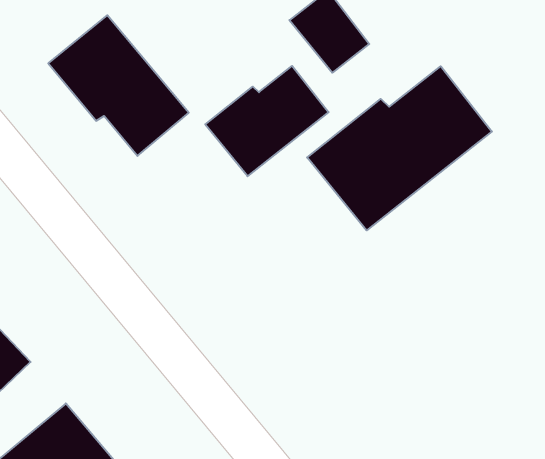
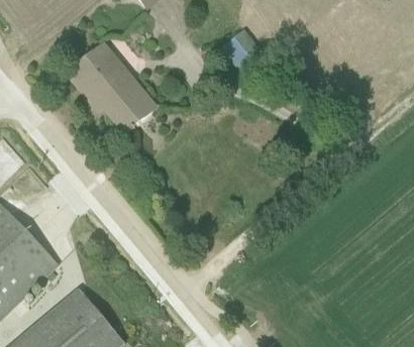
building: [205,66,329,176] -> none
building: [307,66,492,230] -> none

